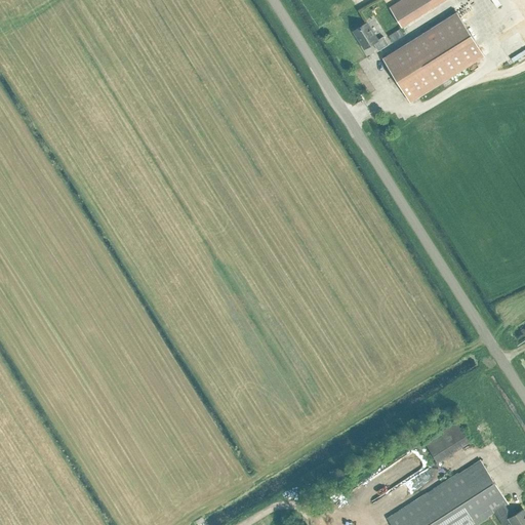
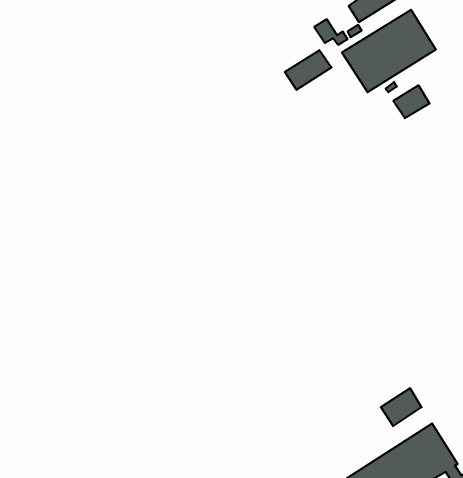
building: none -> [285,50,332,90]
building: none -> [393,85,430,118]

